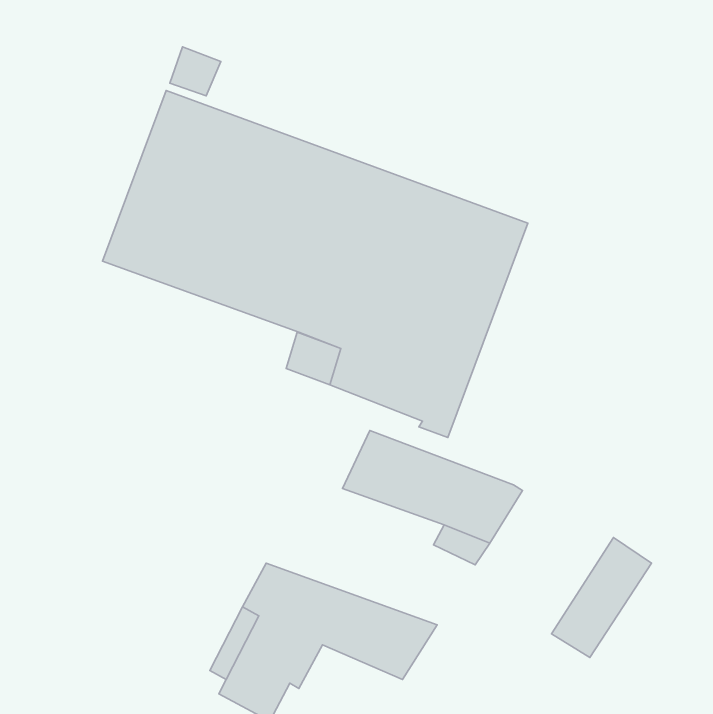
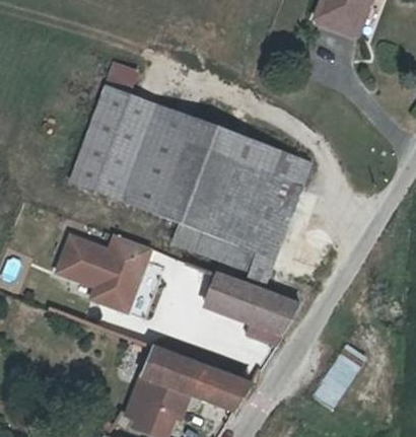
building: none -> [55,235,149,313]

